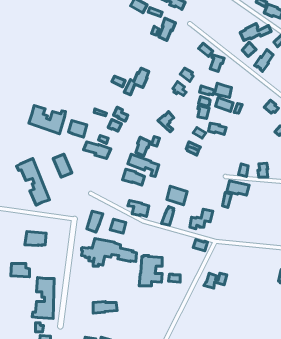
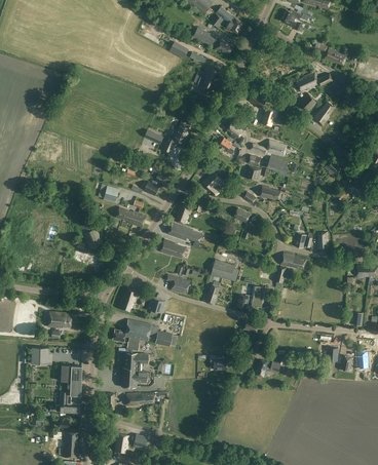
building: [29,106,66,134] -> none
building: [16,158,49,205] -> none
building: [139,256,162,286] -> [121,351,148,386]

